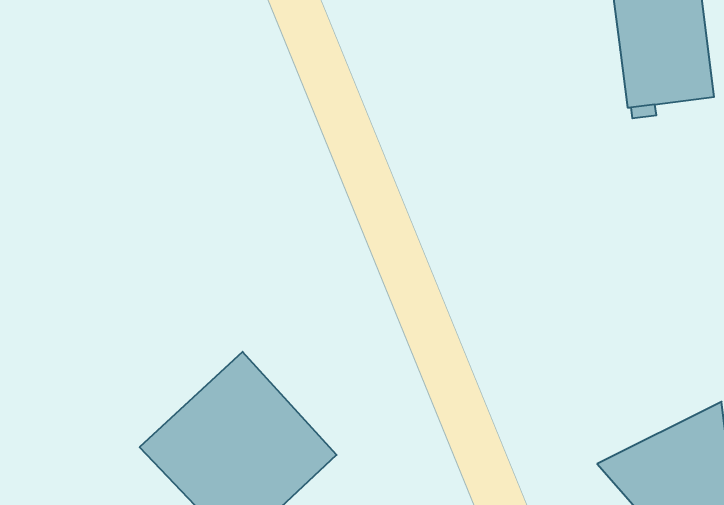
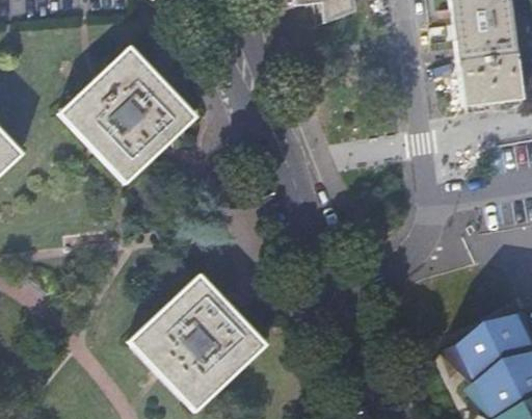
building: none -> [60,46,195,181]

